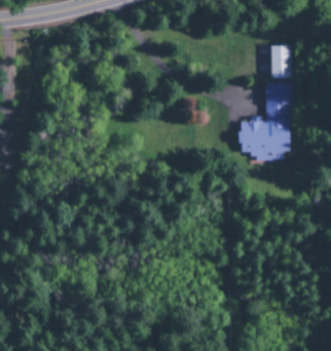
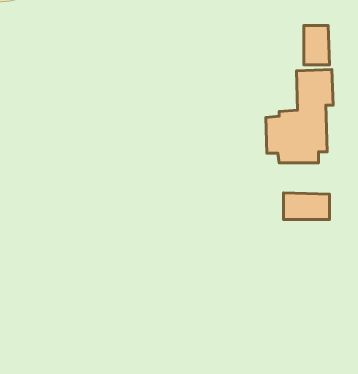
building: none -> [284,193,329,219]

